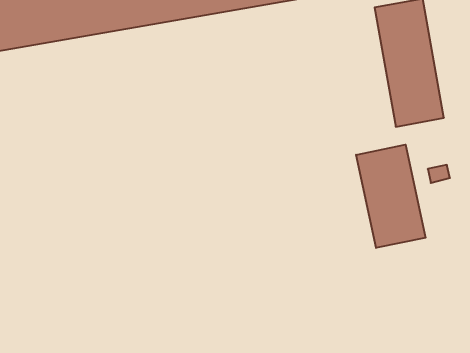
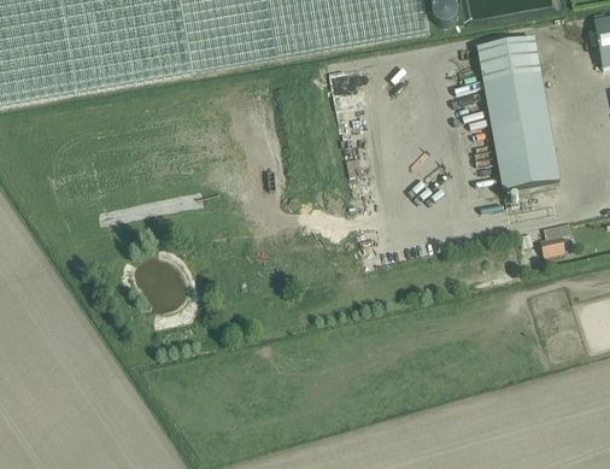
building: [356,145,426,248] -> none

